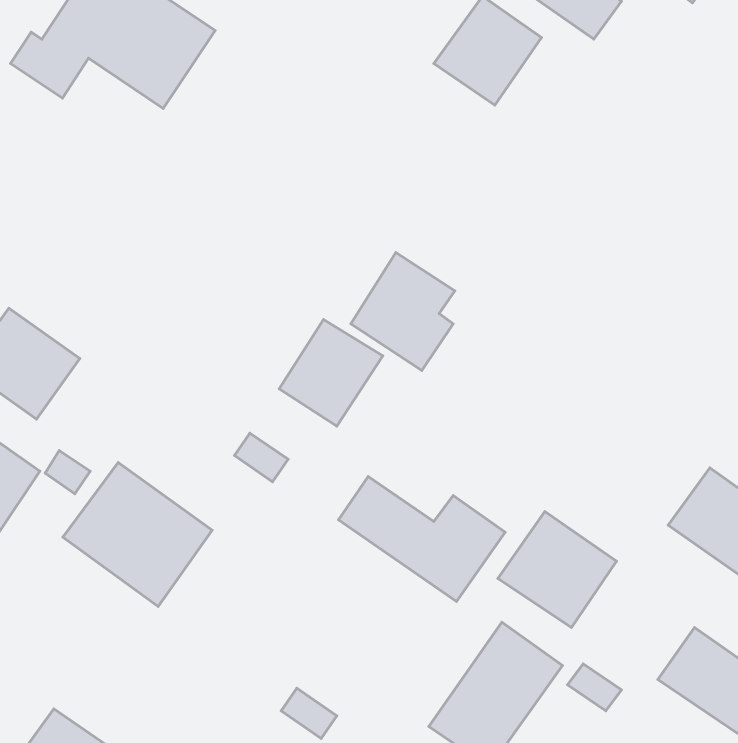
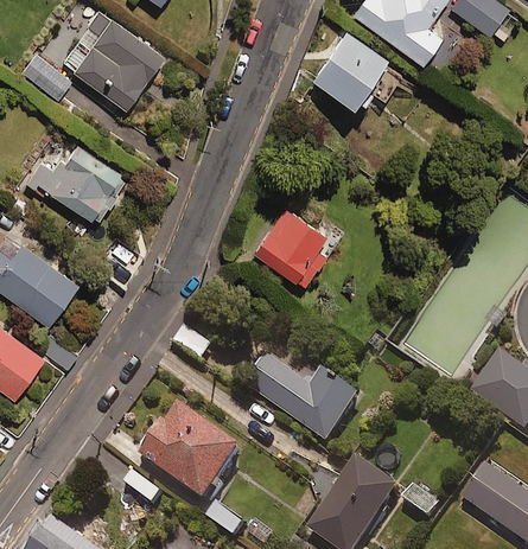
building: none -> [30,135,126,223]
building: [279,319,383,426] -> none
building: [63,462,212,606] -> [142,404,244,503]
building: [498,511,617,627] -> none

